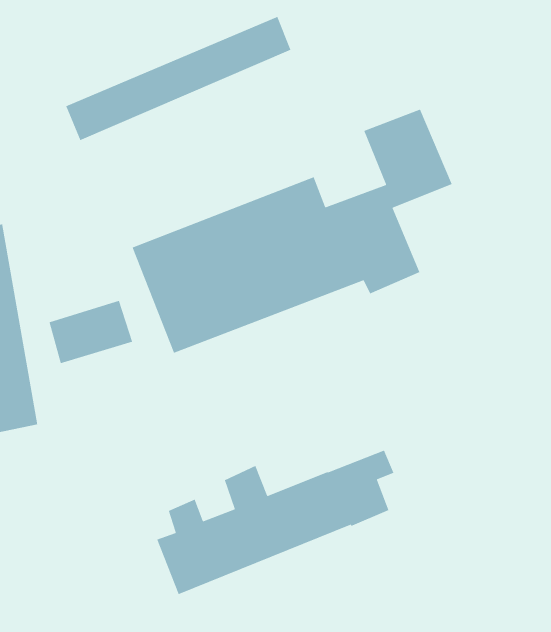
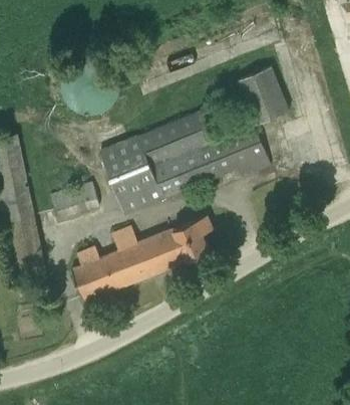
building: [65,16,292,141] -> none
building: [156,449,395,595] -> [71,216,213,302]

